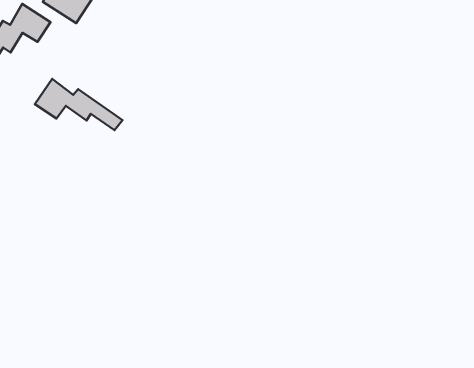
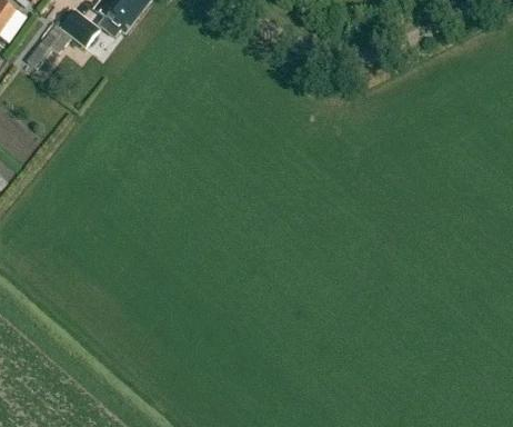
building: [35,79,123,130] -> none

